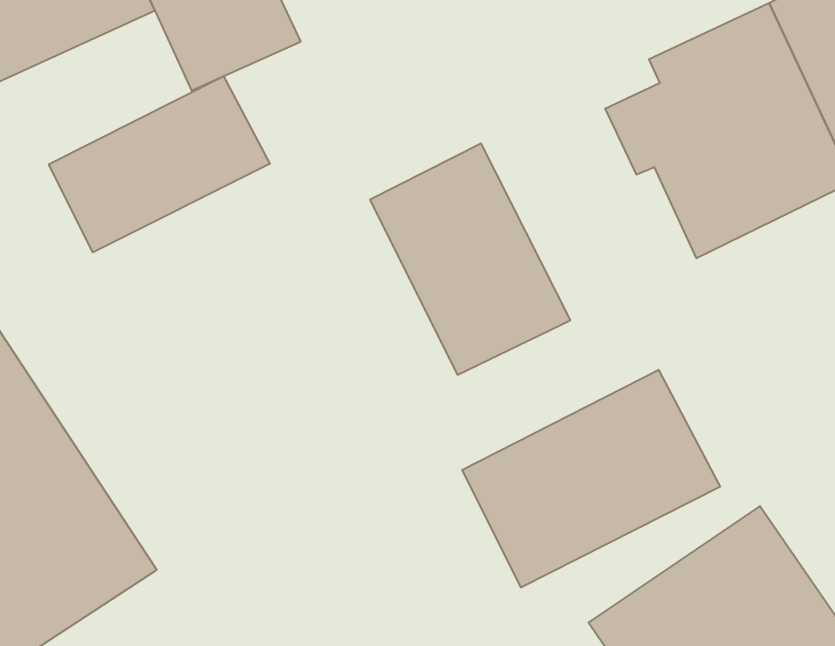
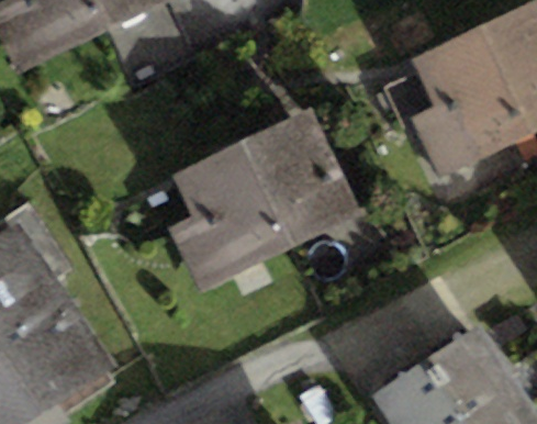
building: [49,76,270,252] -> none
building: none -> [167,141,295,294]
building: [462,370,720,587] -> none

